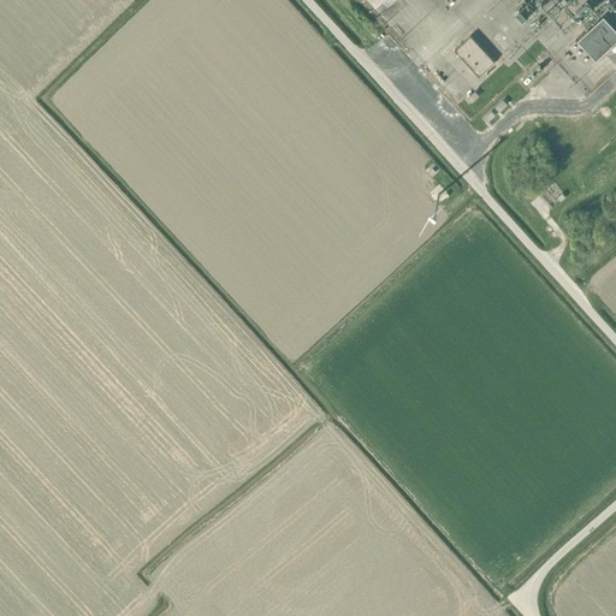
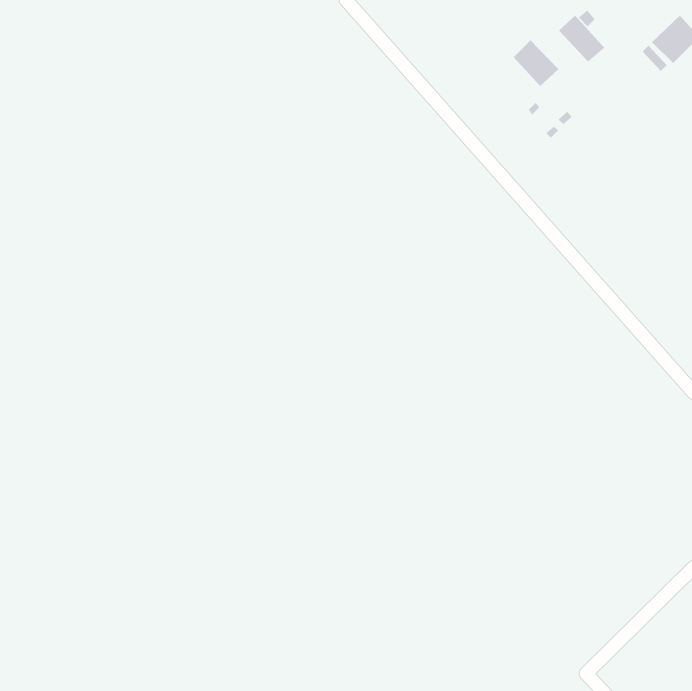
building: none -> [558,15,605,62]

